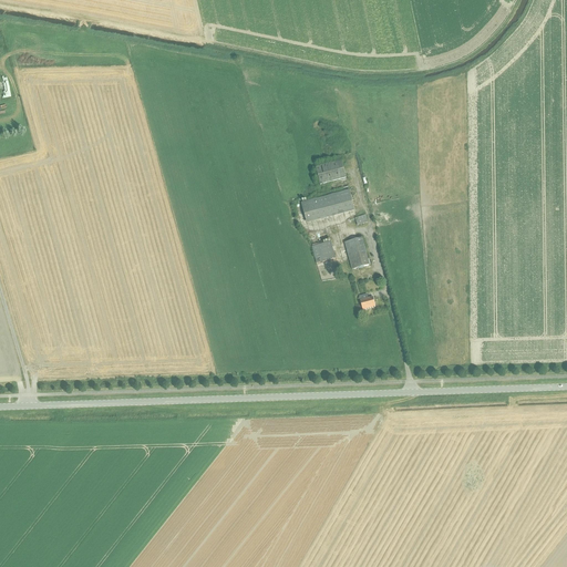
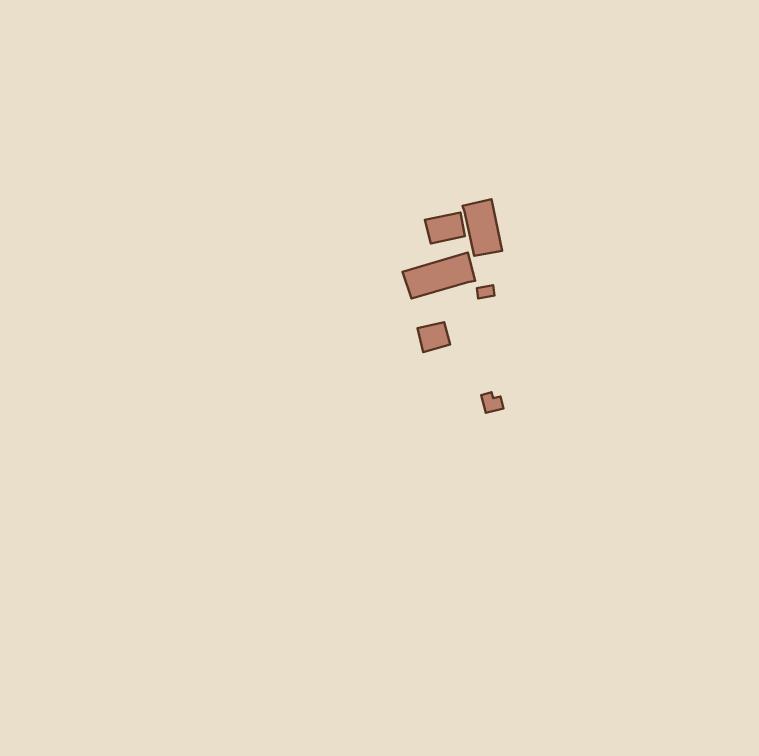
building: none -> [463,199,502,256]
building: [344,236,369,268] -> none

